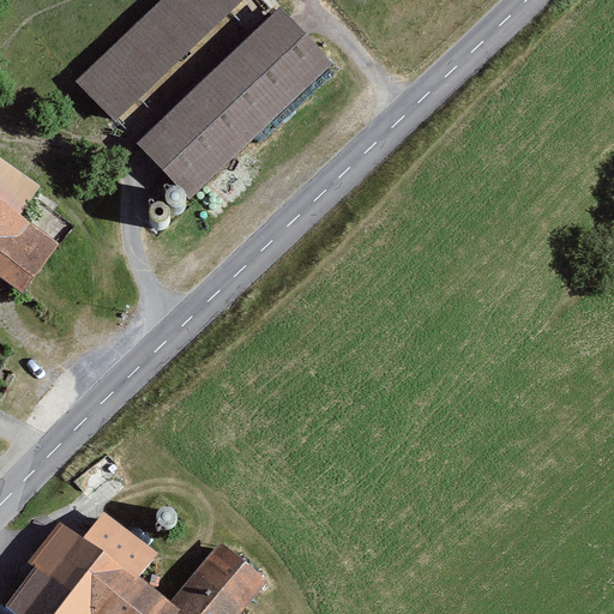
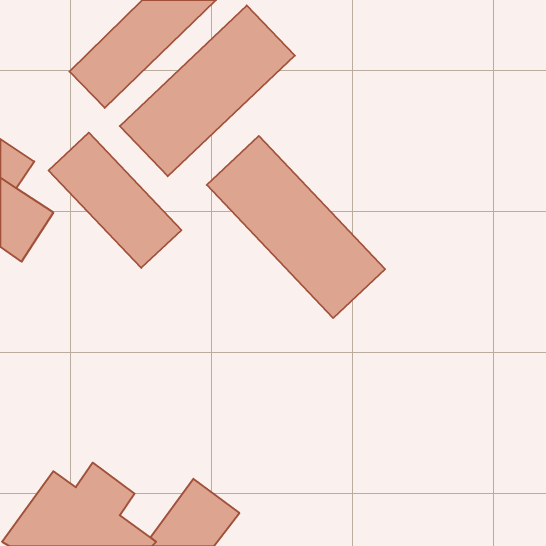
building: none -> [49,133,181,268]
building: none -> [207,136,385,318]

